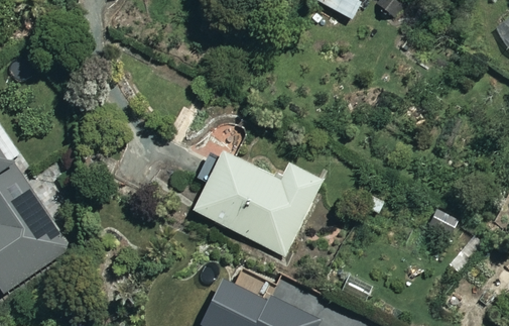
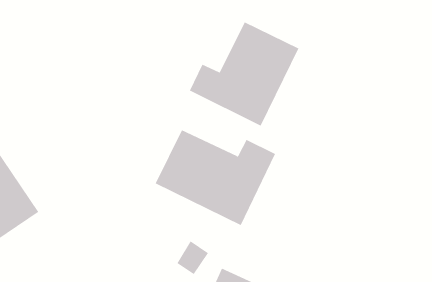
building: none -> [189,22,299,126]

